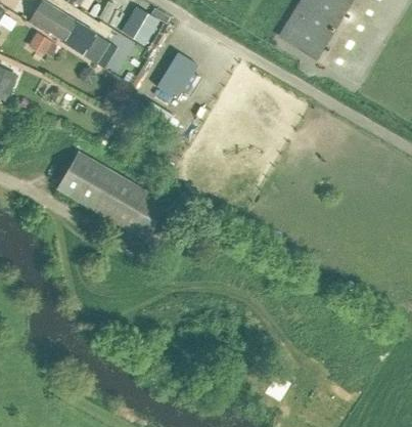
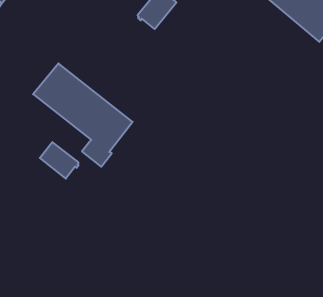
building: none -> [40,142,79,179]

